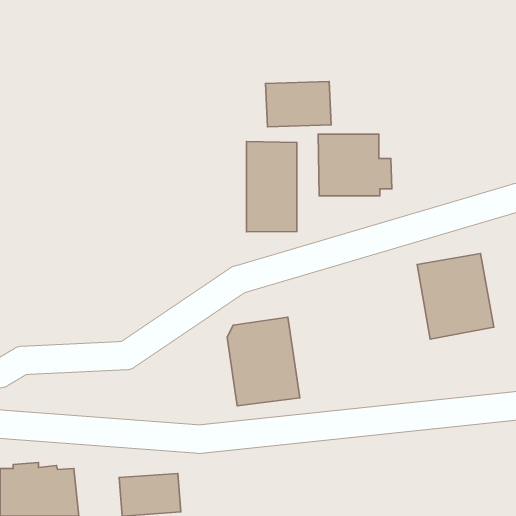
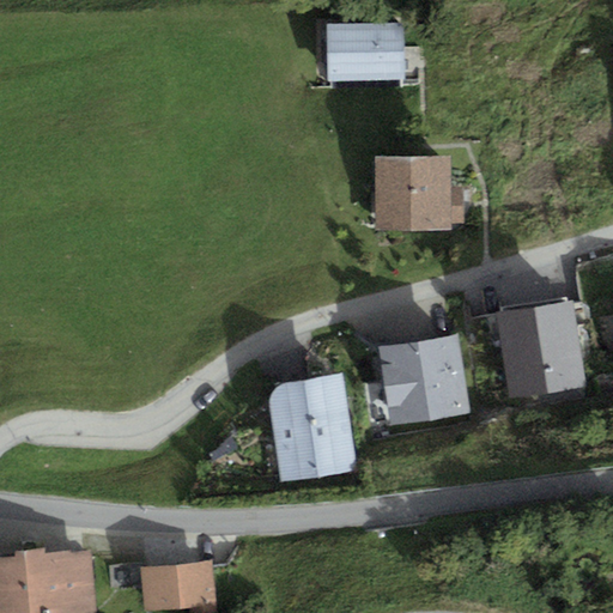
building: [266,81,331,127] -> [326,23,403,77]
building: [246,142,297,232] -> none
building: none -> [380,336,471,426]

